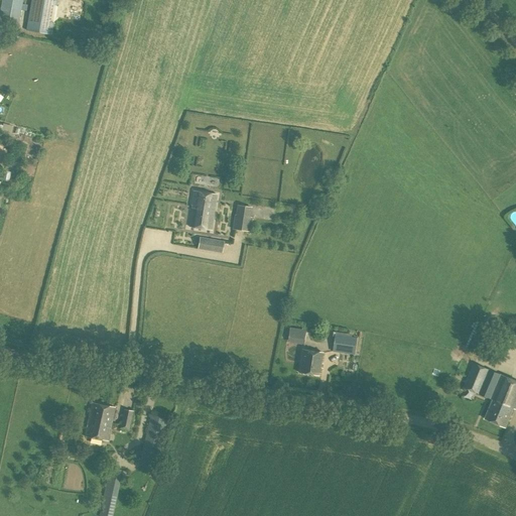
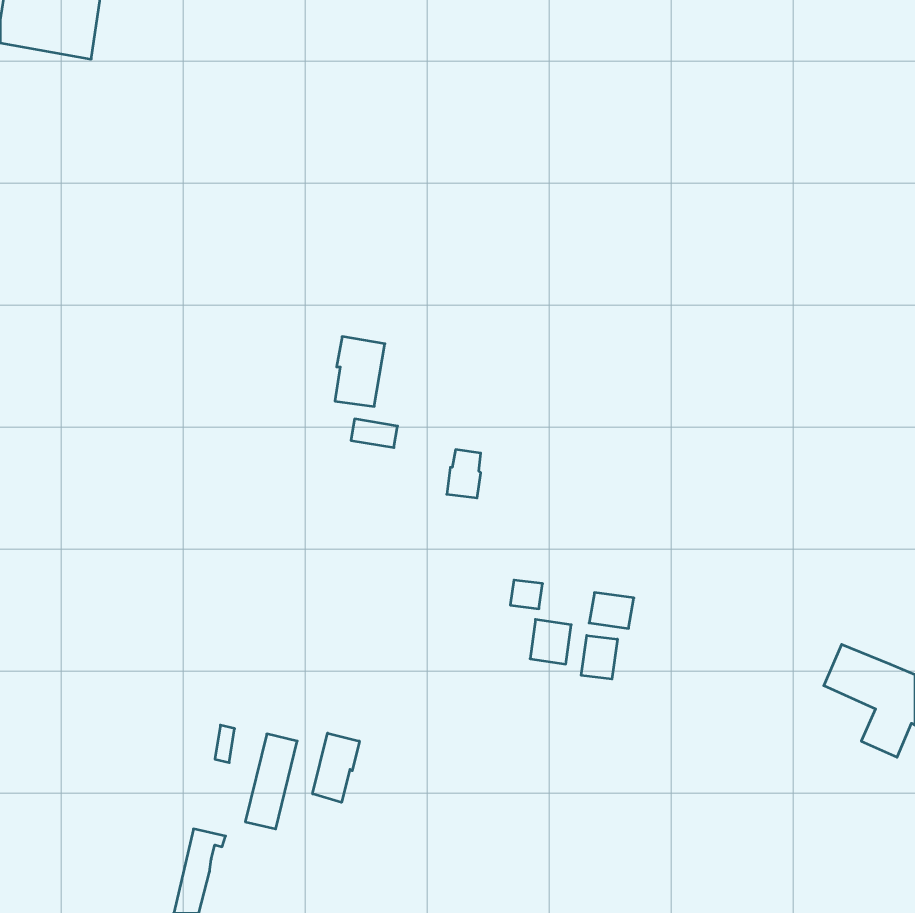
building: [232,204,251,231] -> [447,450,481,498]
building: none -> [581,635,617,679]
building: [85,402,115,439] -> none
building: none -> [313,733,359,802]

